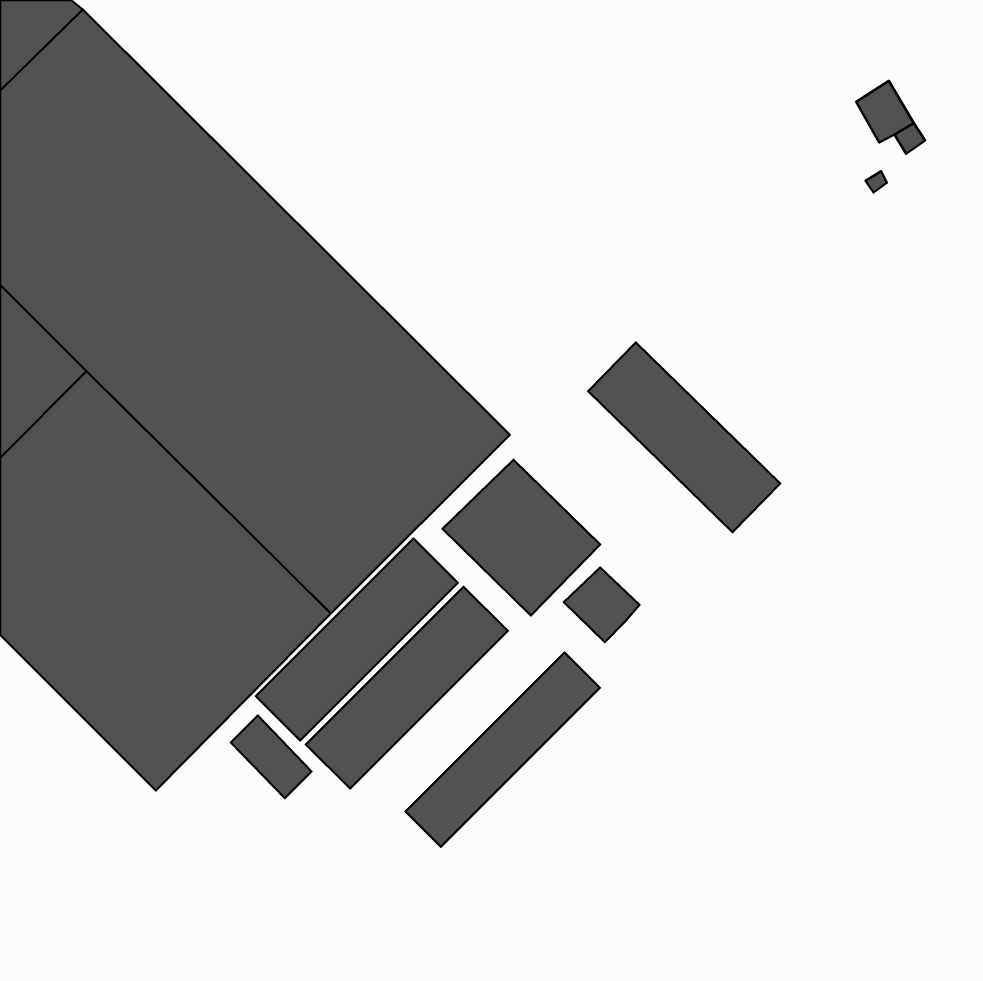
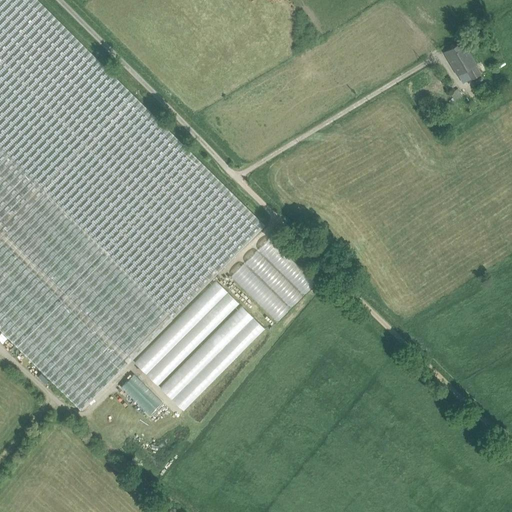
building: [588,342,780,532] -> none
building: [564,568,639,642] -> none
building: [406,653,600,847] -> none

